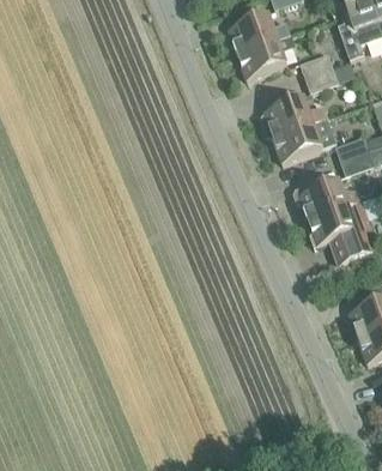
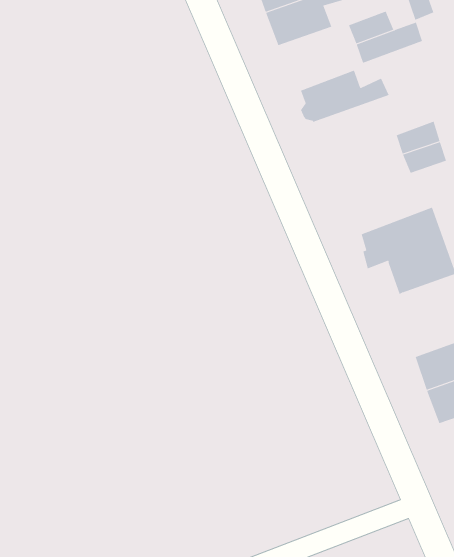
building: [272,117,335,162] -> none
building: [292,181,362,221] -> none

